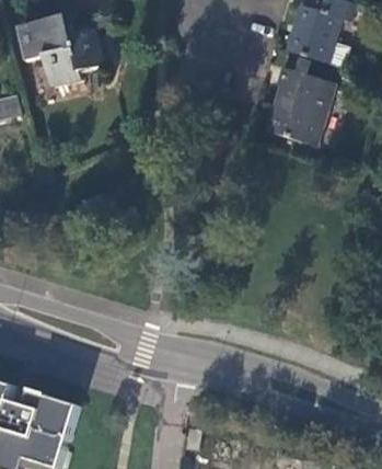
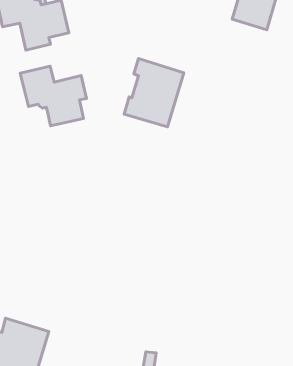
building: [266,67,334,145] -> [124,58,184,127]
building: none -> [20,66,86,126]

